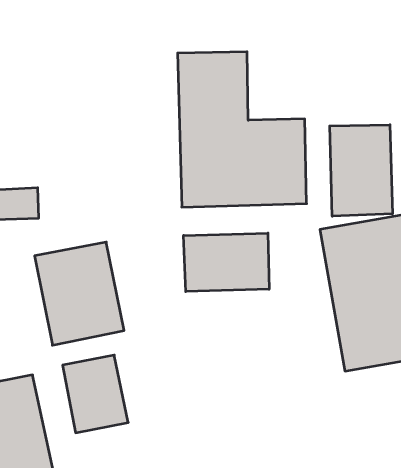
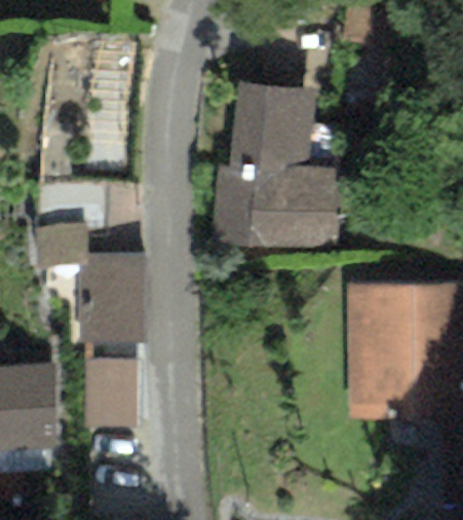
building: [330,125,392,216] -> none
building: [184,233,269,292] -> none

